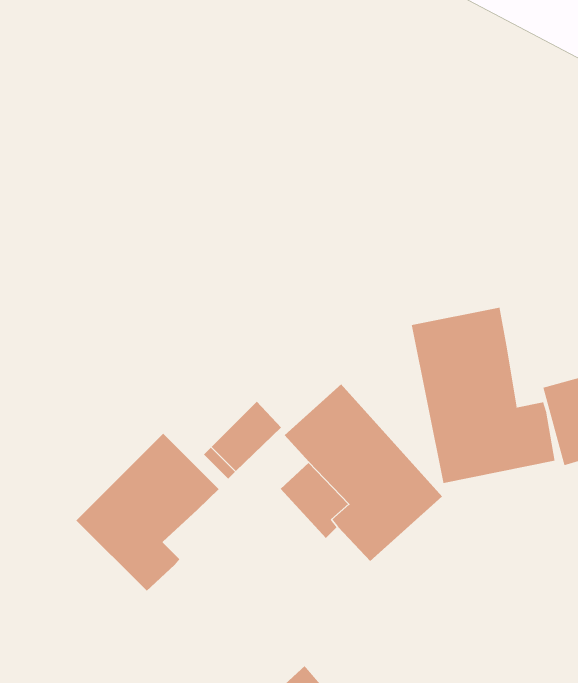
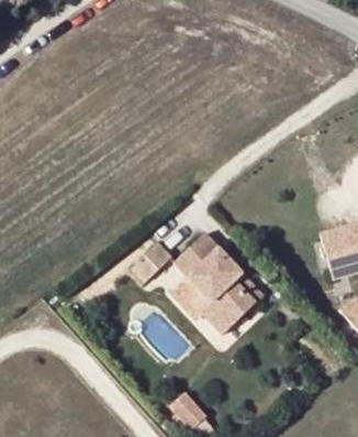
building: [411,307,555,484] -> none
building: [76,433,220,592] -> none

